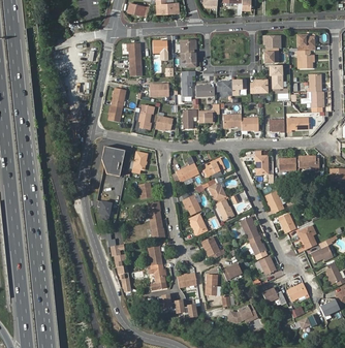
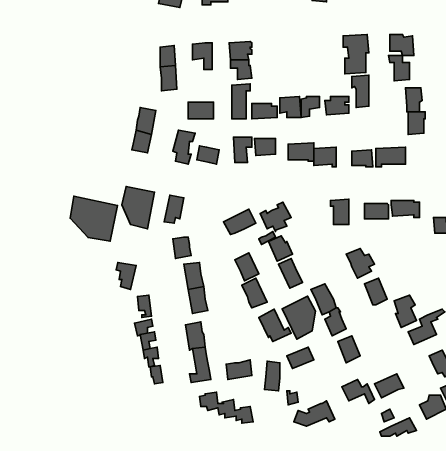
building: none -> [70,196,117,241]
building: none -> [282,296,316,339]

